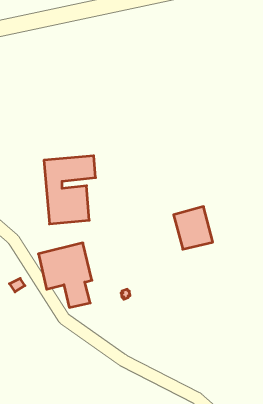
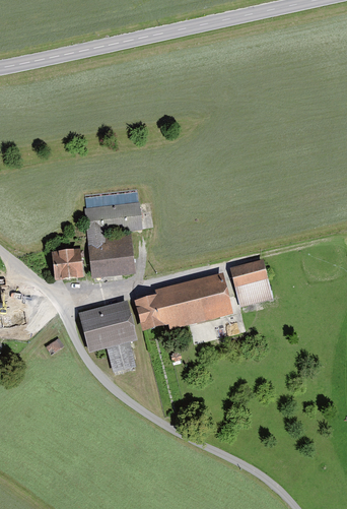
building: none -> [53,248,83,279]
building: none -> [136,272,233,330]

